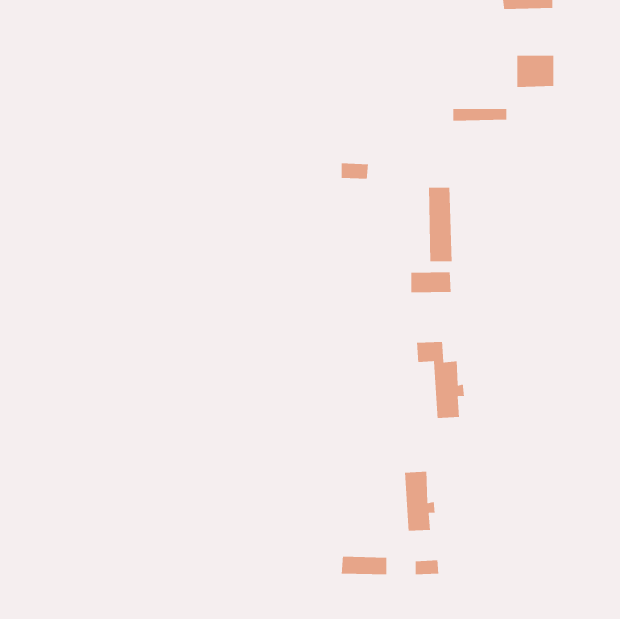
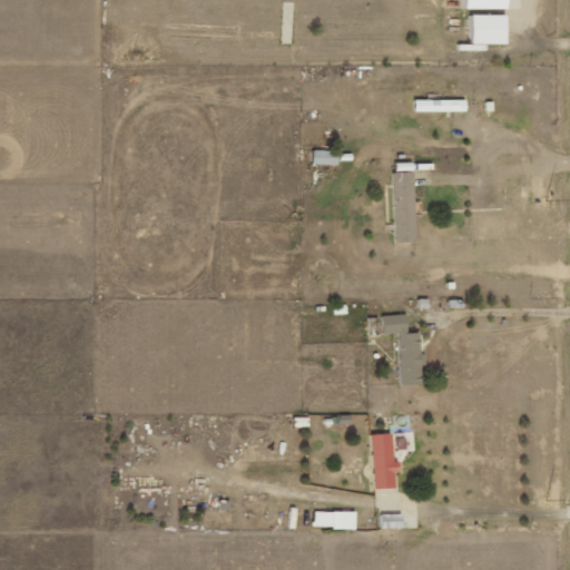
building: [517,55,554,88] -> [472,13,507,43]
building: [411,271,452,293] -> none

